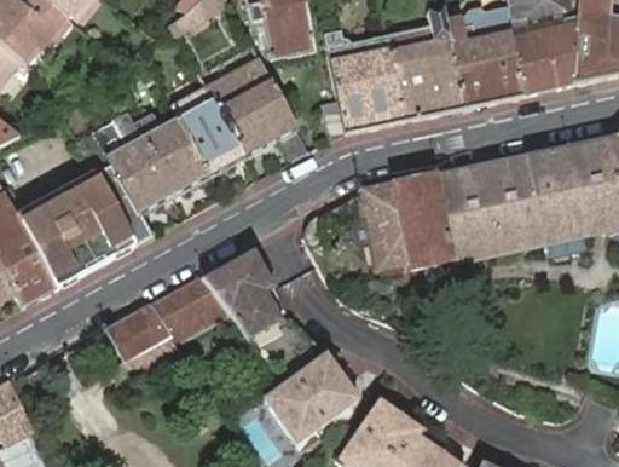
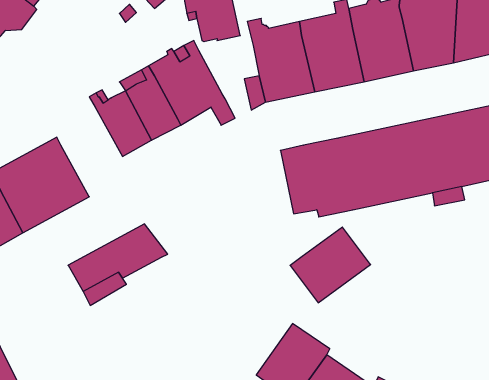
building: [100,110,174,243] -> none
building: [201,248,312,364] -> none
building: [262,351,359,442] -> [290,227,371,303]

